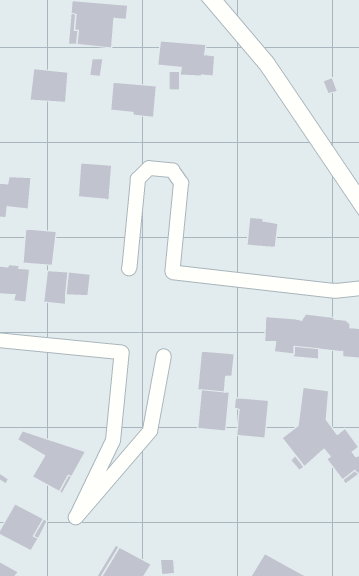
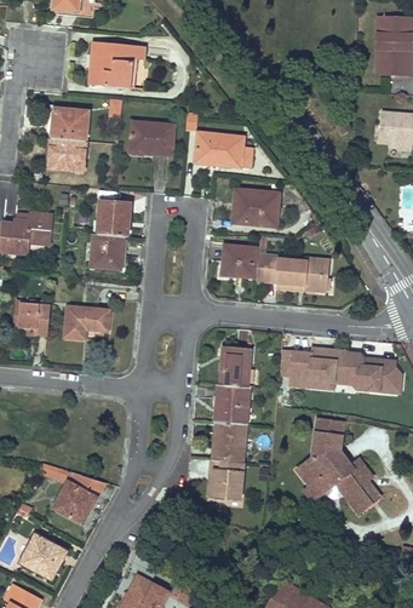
building: [158,41,215,76] -> [196,132,252,166]
building: none -> [48,138,86,171]
building: none -> [236,190,277,224]
building: none -> [222,245,257,277]
building: none -> [291,257,327,291]
building: [23,229,56,265] -> [91,233,124,268]
building: none -> [220,346,251,386]
building: [234,398,269,438] -> [210,459,243,498]

